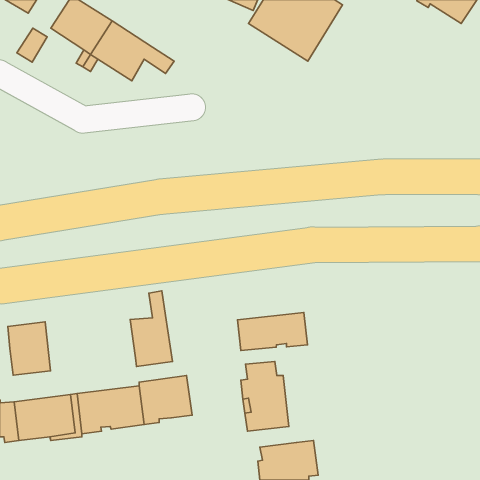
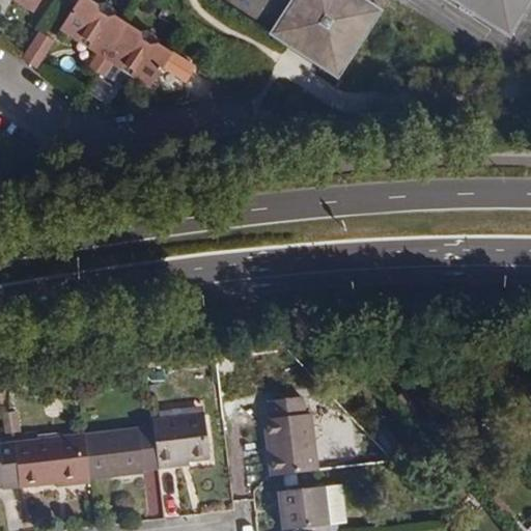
building: [130,291,172,366] -> none
building: [237,312,308,351] -> none
building: [8,322,51,375] -> none

